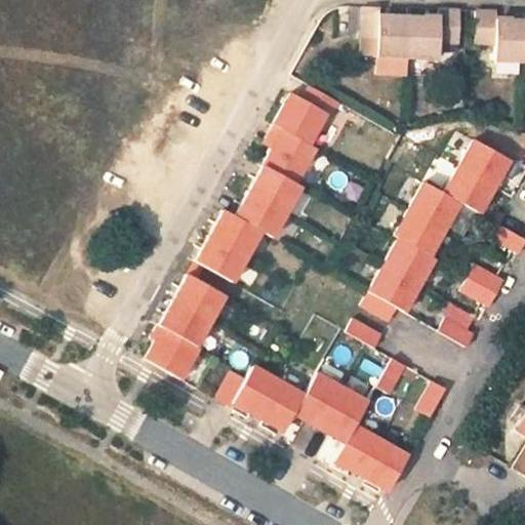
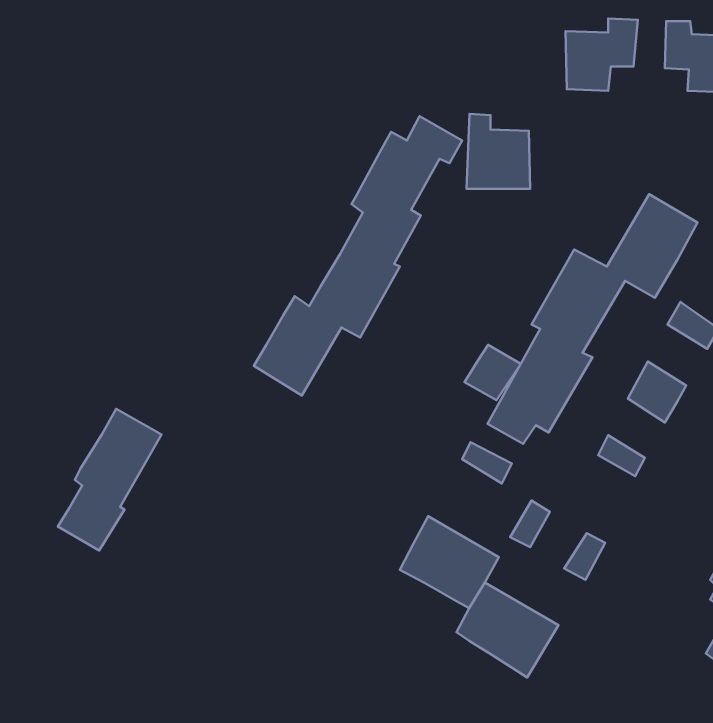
building: [372,10,418,65] -> [467,114,530,189]
building: none -> [465,345,521,400]
building: [149,277,224,379] -> [58,409,161,551]
building: [217,360,308,429] -> none

